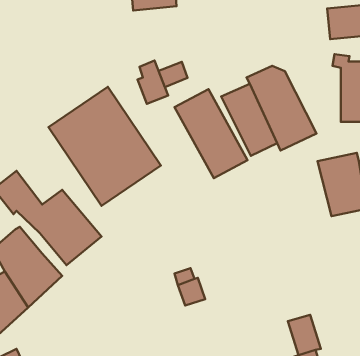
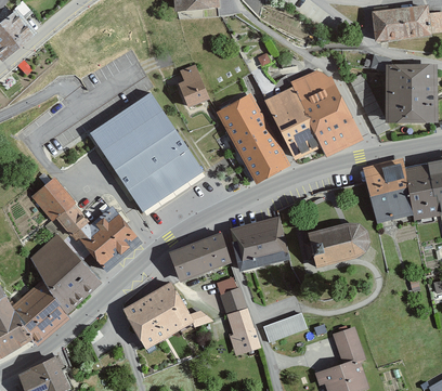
building: [158,62,188,87] -> none
building: none -> [230,217,289,272]
building: none -> [307,222,370,266]
building: none -> [169,233,231,283]
building: none -> [122,283,193,349]
building: none -> [226,308,260,354]
building: none -> [260,311,304,340]

